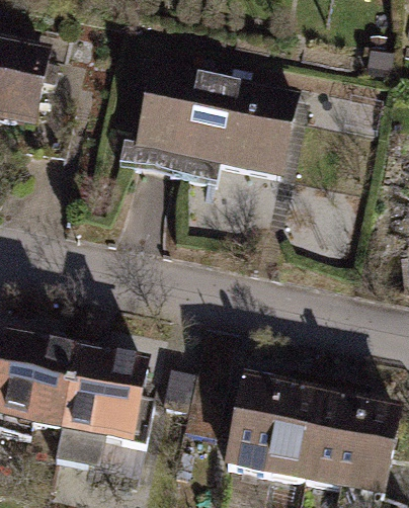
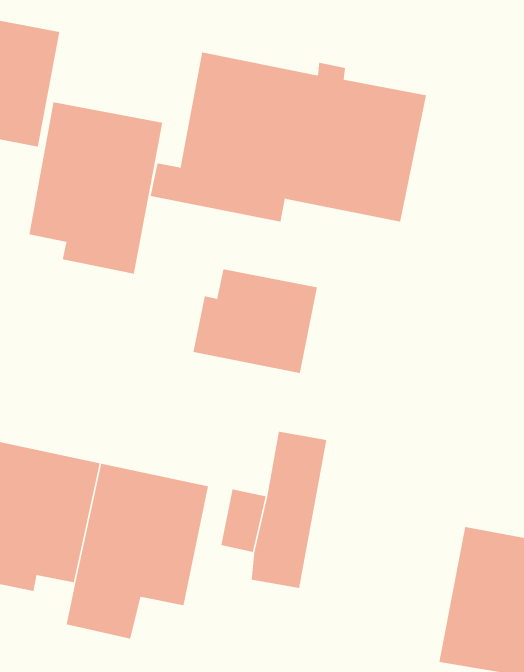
building: none -> [29,101,163,274]
building: none -> [193,269,318,374]
building: [237,368,335,489] -> none

